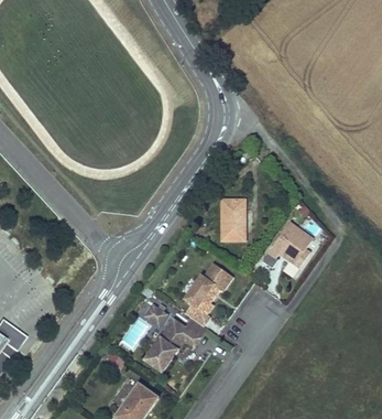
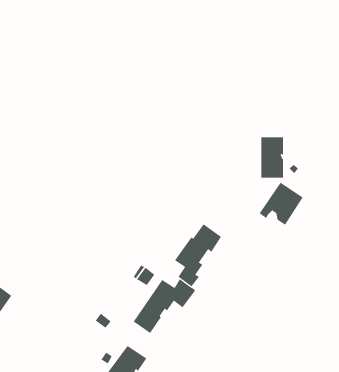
building: [219,198,242,239] -> [260,137,284,178]

